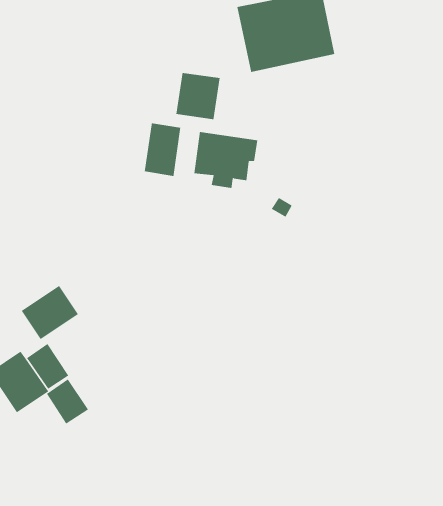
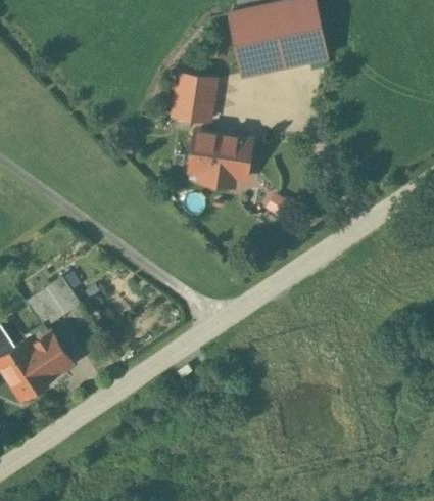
building: [144,122,181,177] -> none
building: [46,379,89,424] -> none

